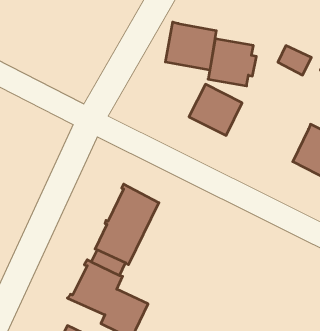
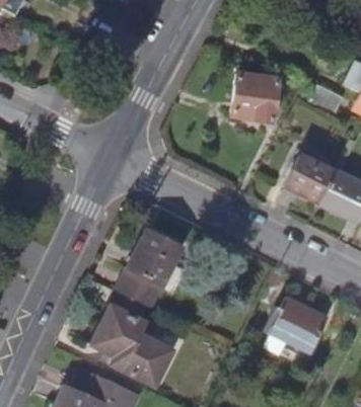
building: [165,22,216,70] -> none
building: [189,84,242,135] -> [280,146,335,198]
building: none -> [260,303,323,357]

